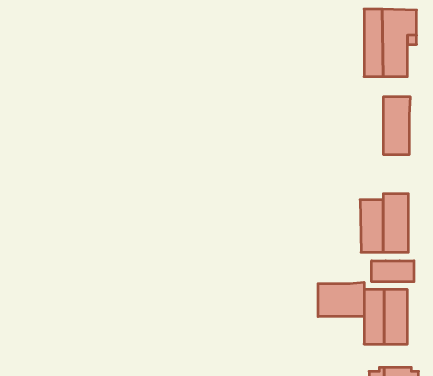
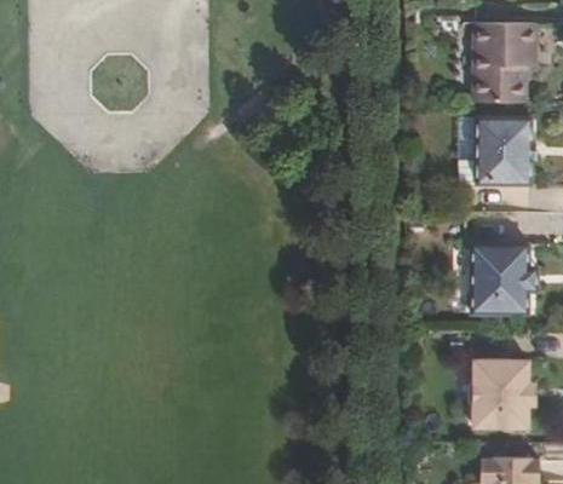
building: none -> [472,126,498,196]
building: [372,261,414,282] -> none
building: [318,282,364,317] -> none

